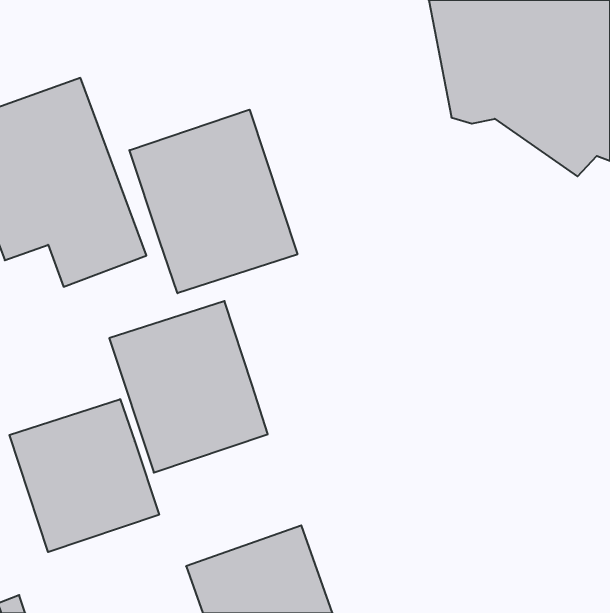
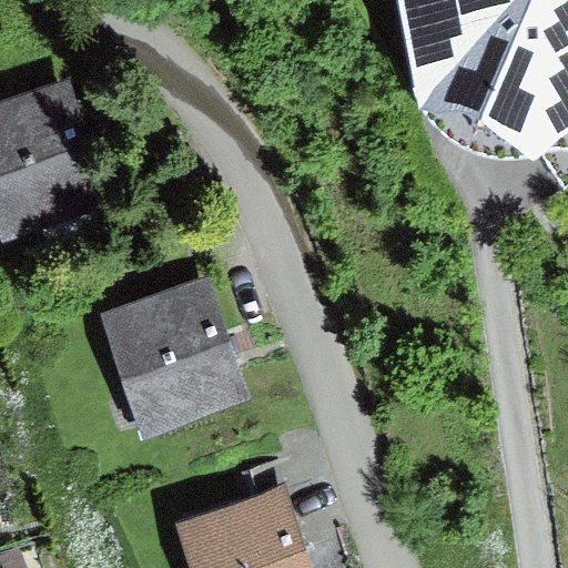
building: [129,110,297,293] -> none
building: [9,399,159,552] -> none

